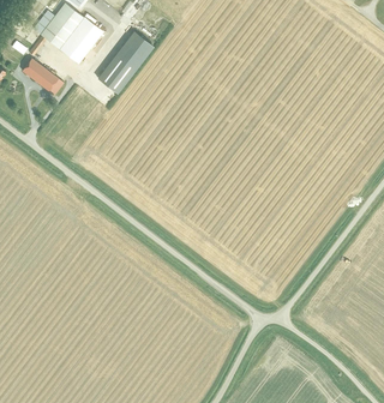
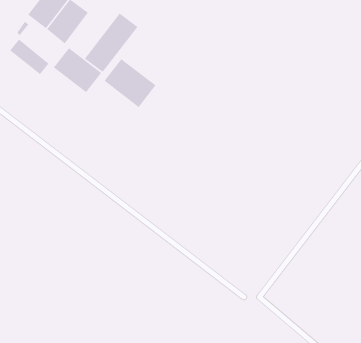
building: none -> [53,47,102,93]
building: none -> [103,58,157,108]

